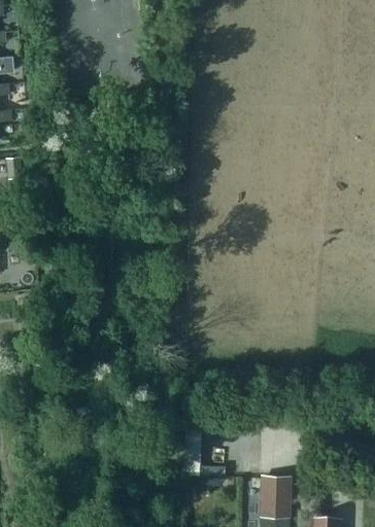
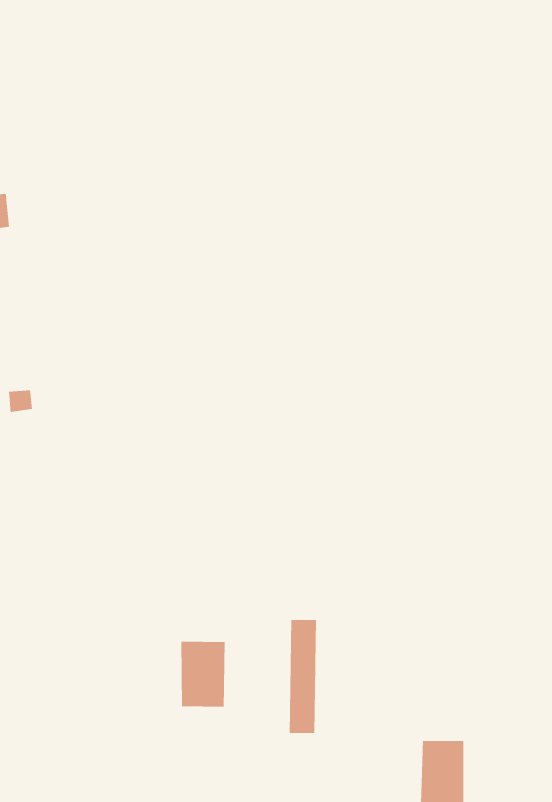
building: none -> [181,641,225,707]

